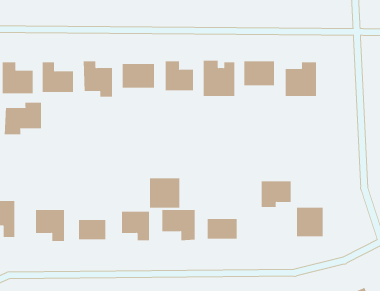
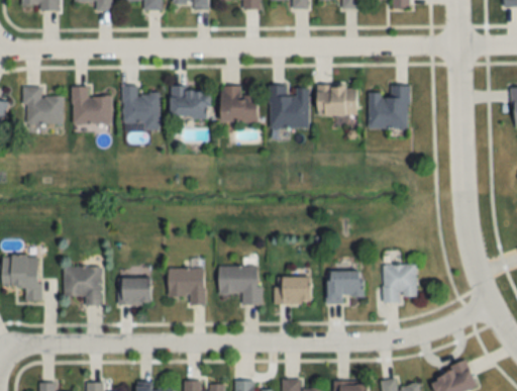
building: [4,102,41,135] -> none
building: [150,178,180,209] -> none
building: [261,181,291,207] -> [327,272,365,304]

